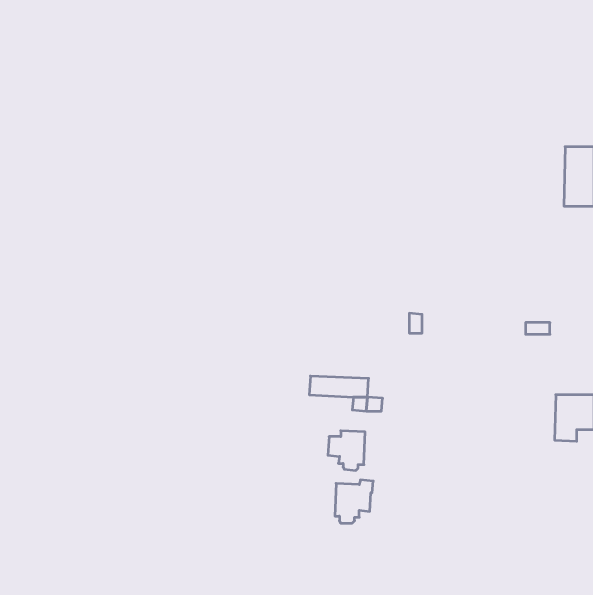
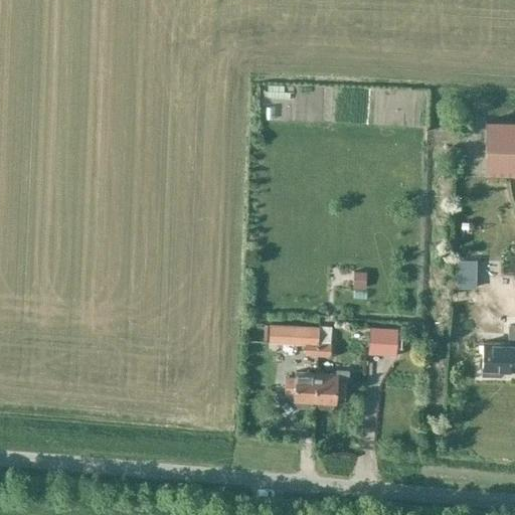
building: none -> [369,327,398,351]
building: [335,480,373,523] -> [316,370,349,407]

